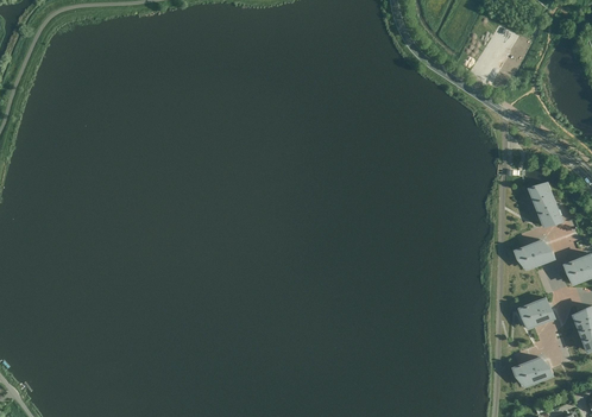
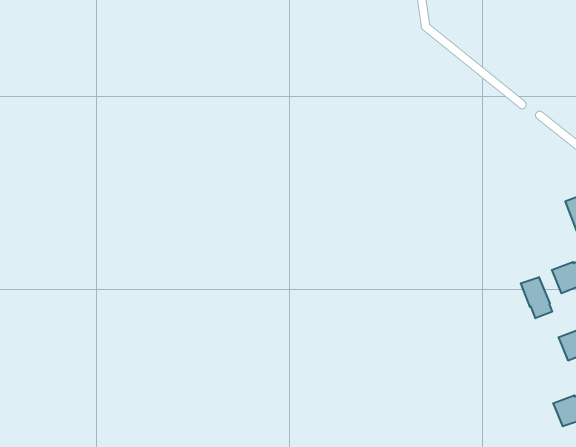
building: none -> [521,277,552,318]

